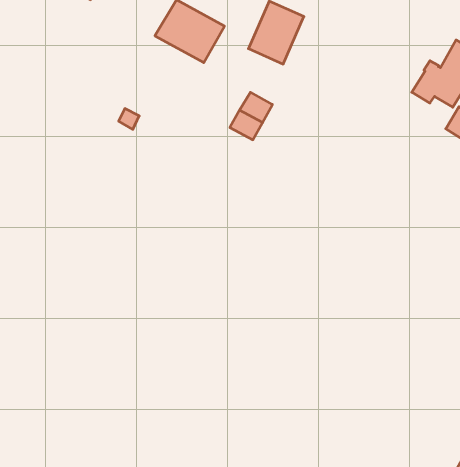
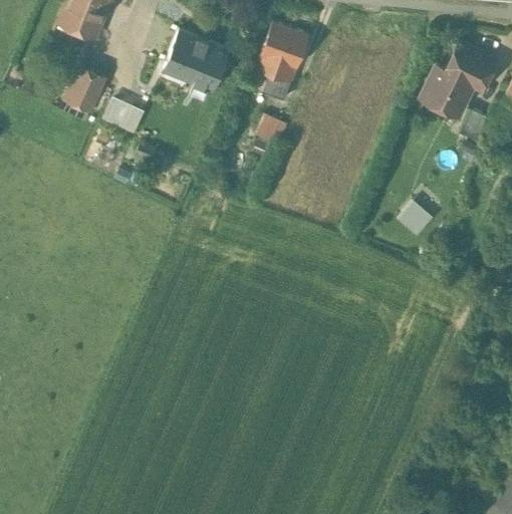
building: none -> [66,68,105,112]
building: none -> [99,95,143,134]
building: none -> [395,199,434,237]

